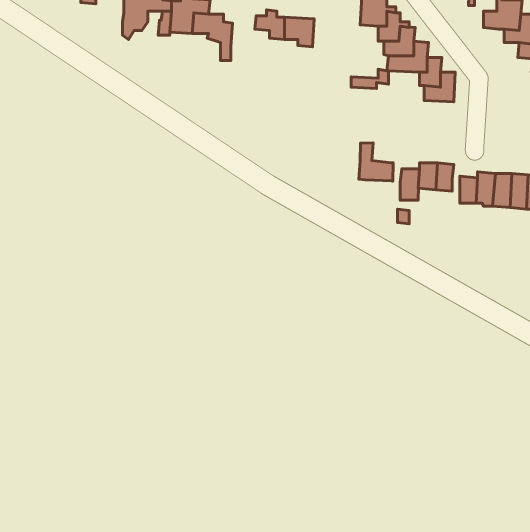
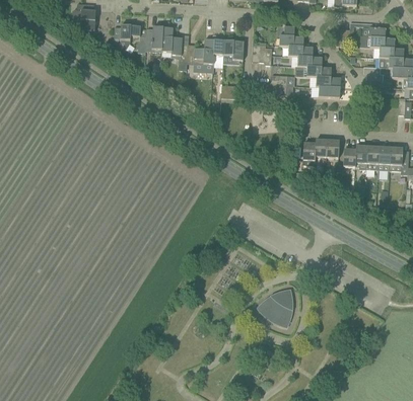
building: none -> [187,44,213,63]
building: [359,143,393,181] -> none
building: none -> [258,290,292,326]

